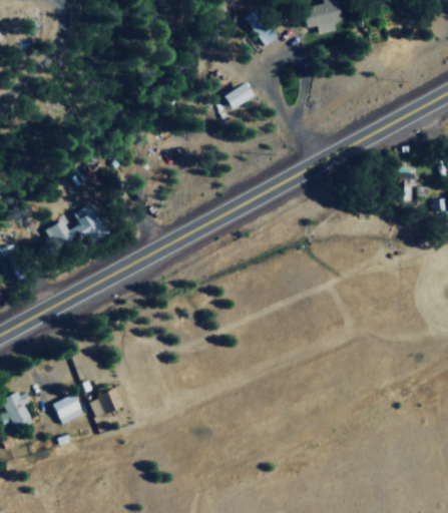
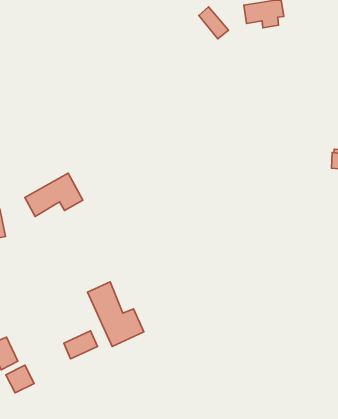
building: [227,83,257,109] -> none
building: none -> [88,282,144,346]
building: [52,392,85,424] -> [6,365,34,393]

